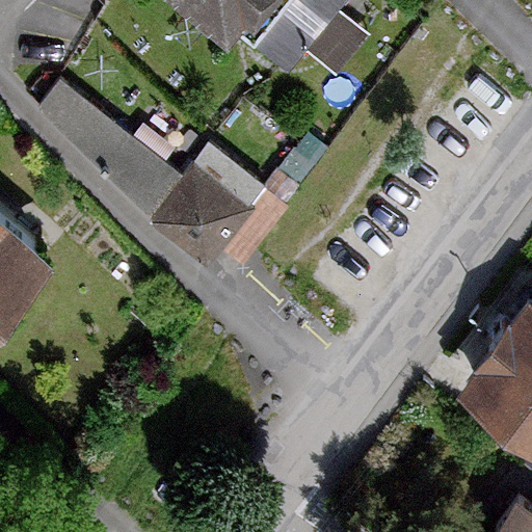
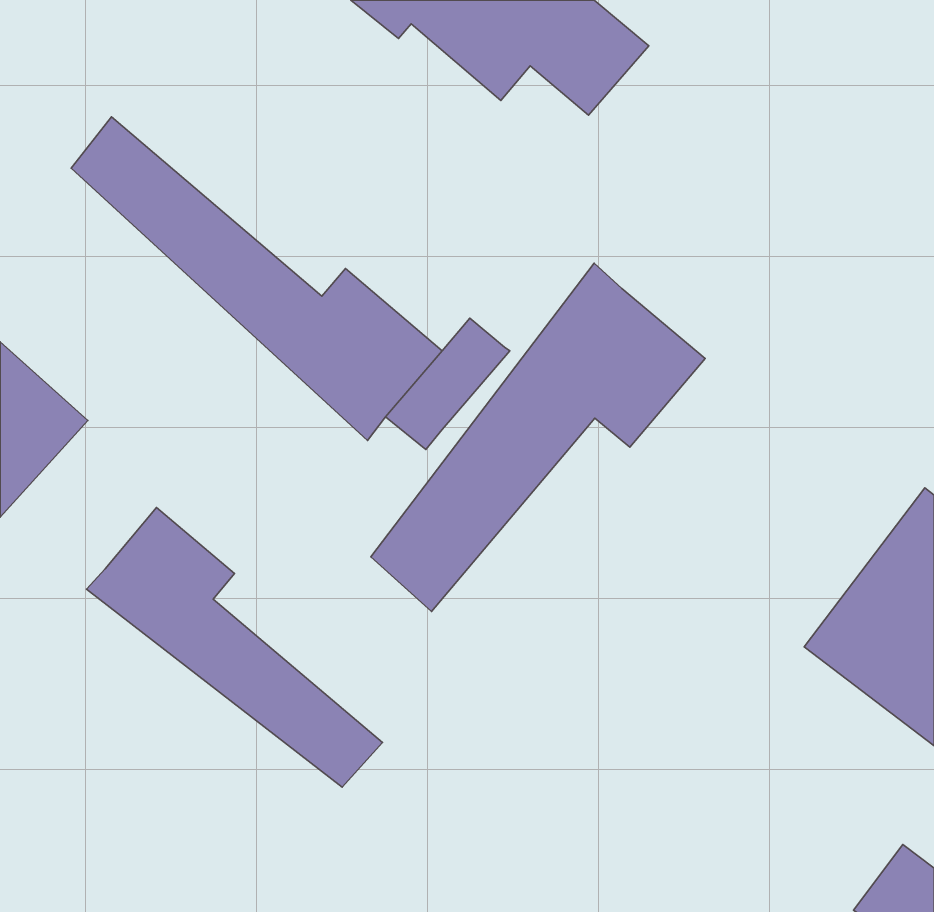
building: none -> [371,263,705,611]
building: none -> [86,507,383,787]

